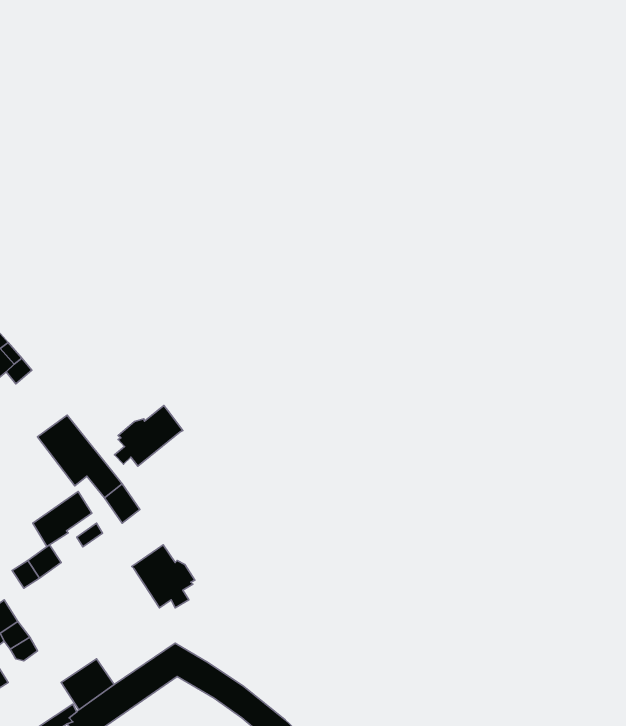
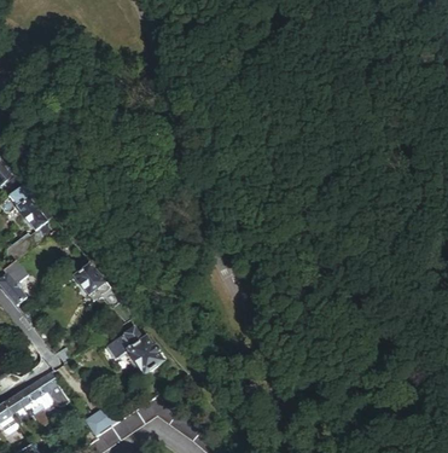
building: [114,406,183,466] -> none
building: [33,492,92,547] -> [106,325,142,359]

